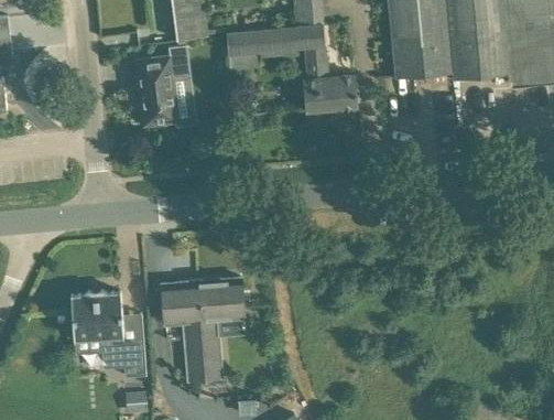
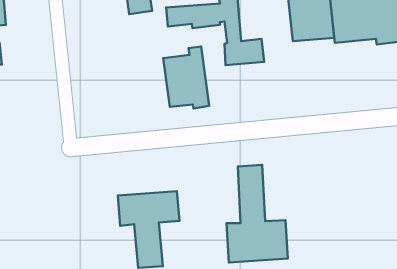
building: [134,45,196,128] -> [163,47,209,108]
building: none -> [227,165,288,263]
building: [66,291,145,376] -> none

